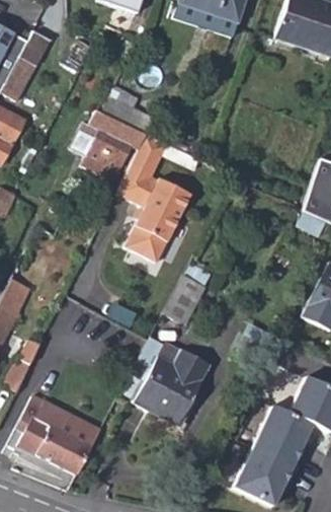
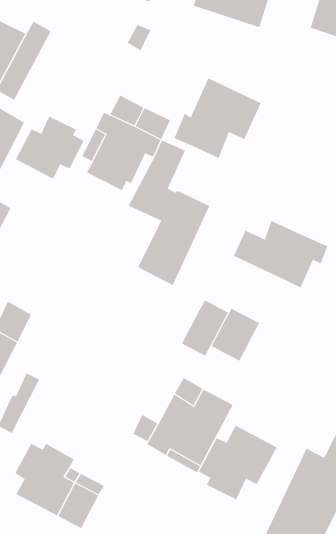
building: none -> [174,77,262,159]
building: none -> [15,116,84,179]
building: none -> [233,220,328,288]
building: none -> [211,308,260,362]
building: none -> [198,425,277,500]

